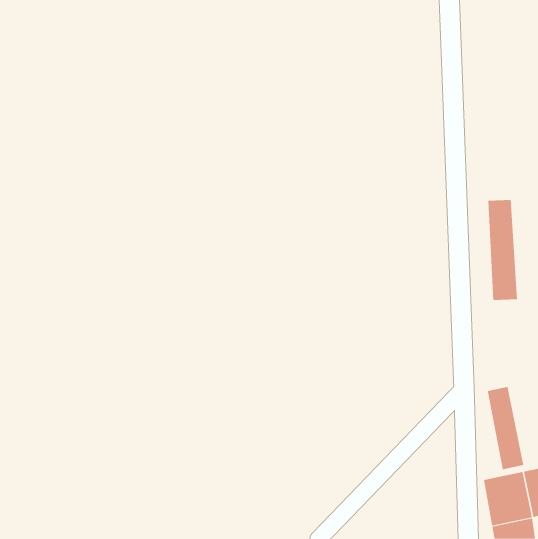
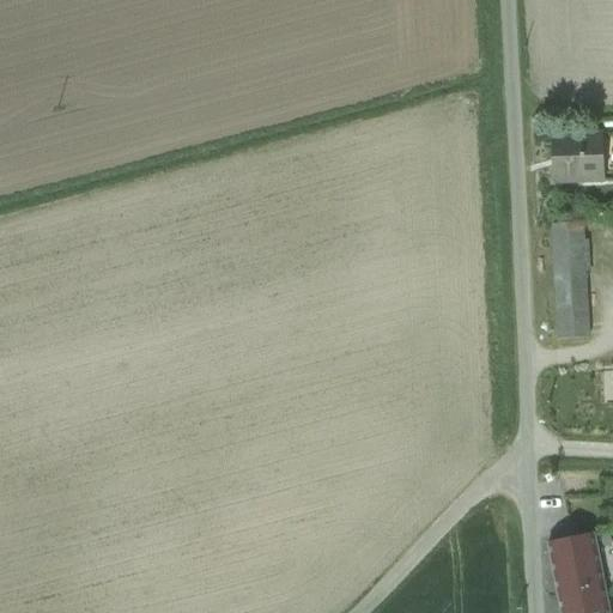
building: none -> [553,138,606,183]
building: [487,386,524,470] -> none

